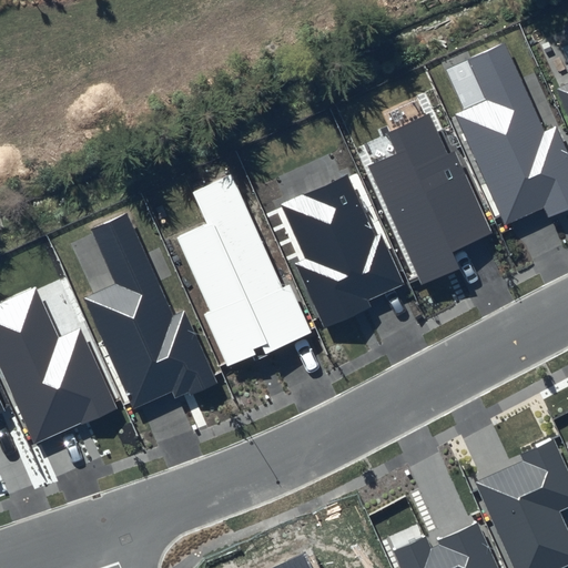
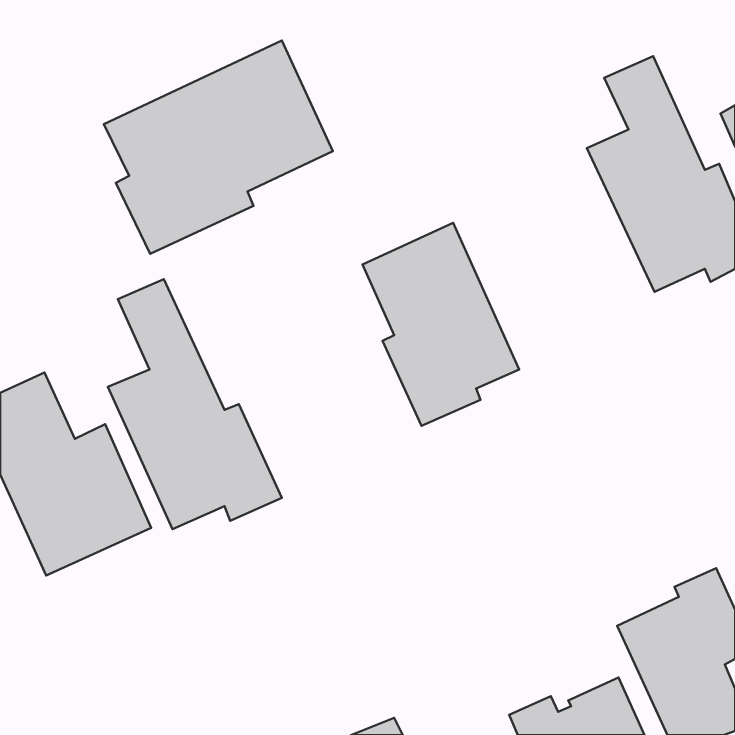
building: none -> [104,41,333,254]
building: [367,112,490,283] -> none
building: [175,173,311,368] -> none

